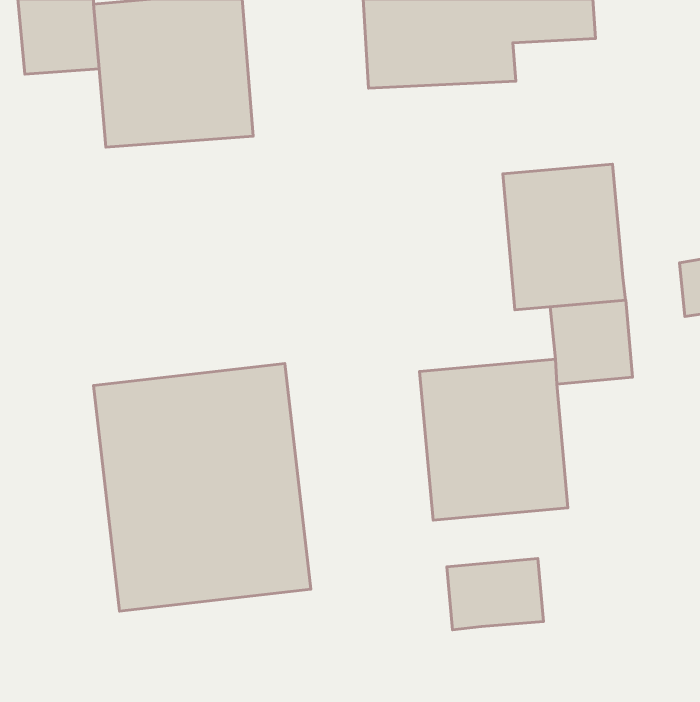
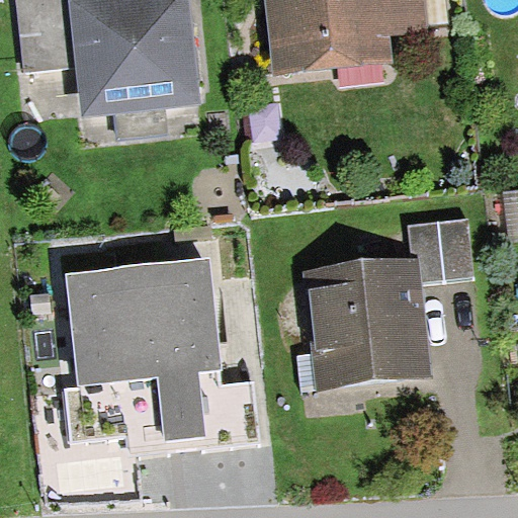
building: [503,164,626,310] -> none
building: [447,559,543,630] -> none

